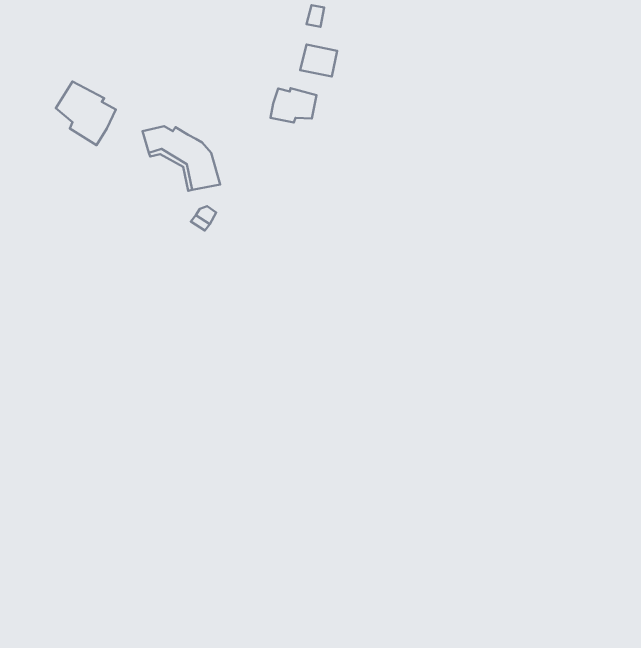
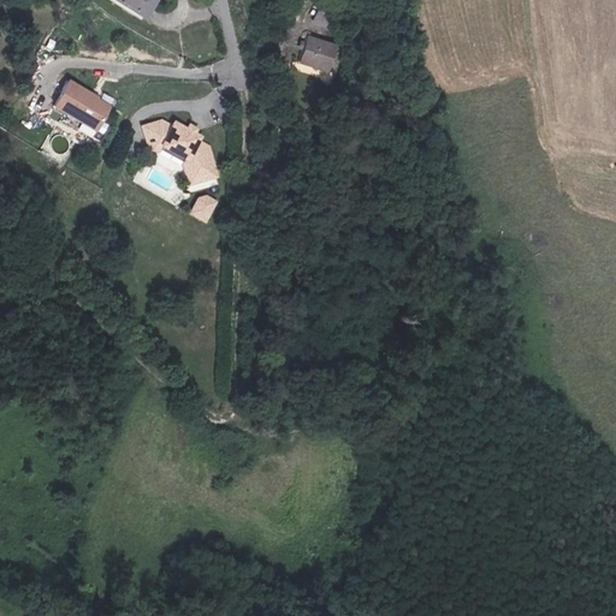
building: [270,88,317,123] -> none

